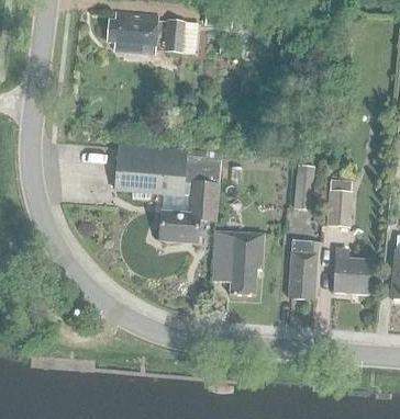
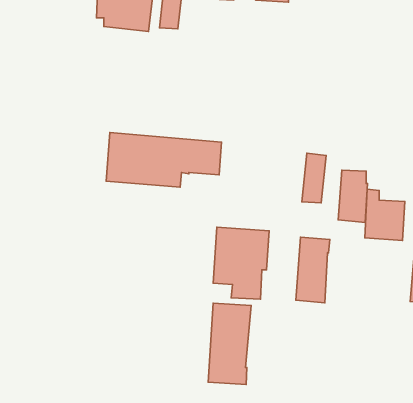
building: [159,181,219,242] -> none
building: [334,248,370,294] -> [365,189,405,240]
building: none -> [208,303,251,384]

